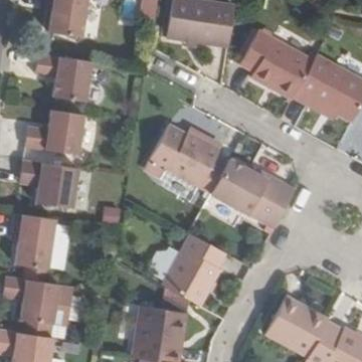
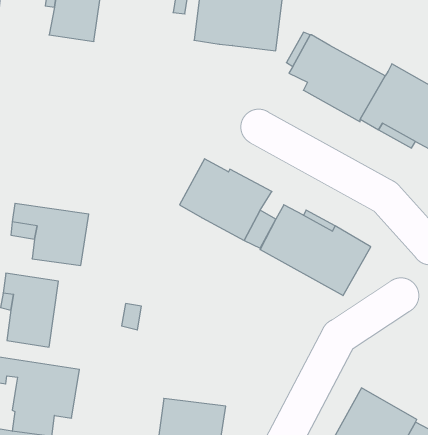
building: [39,53,95,99] -> none
building: [27,110,86,154] -> none
building: [164,236,226,308] -> none

